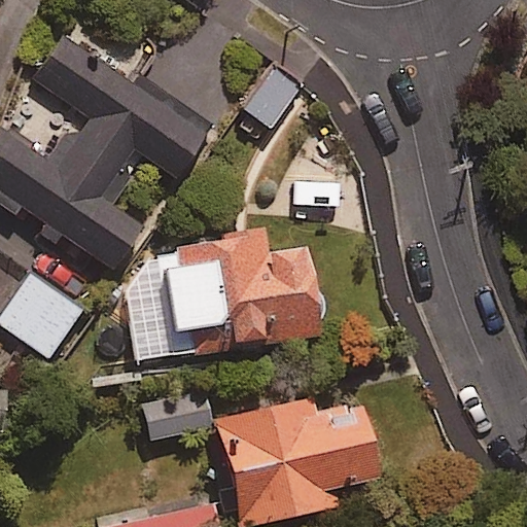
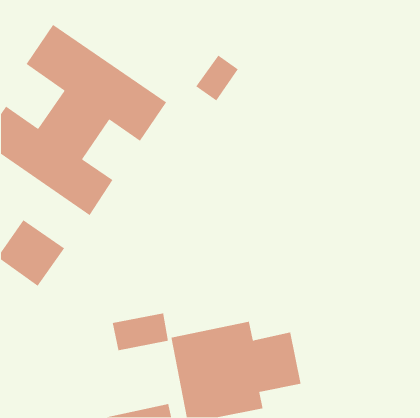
building: [131,231,319,361] -> none

